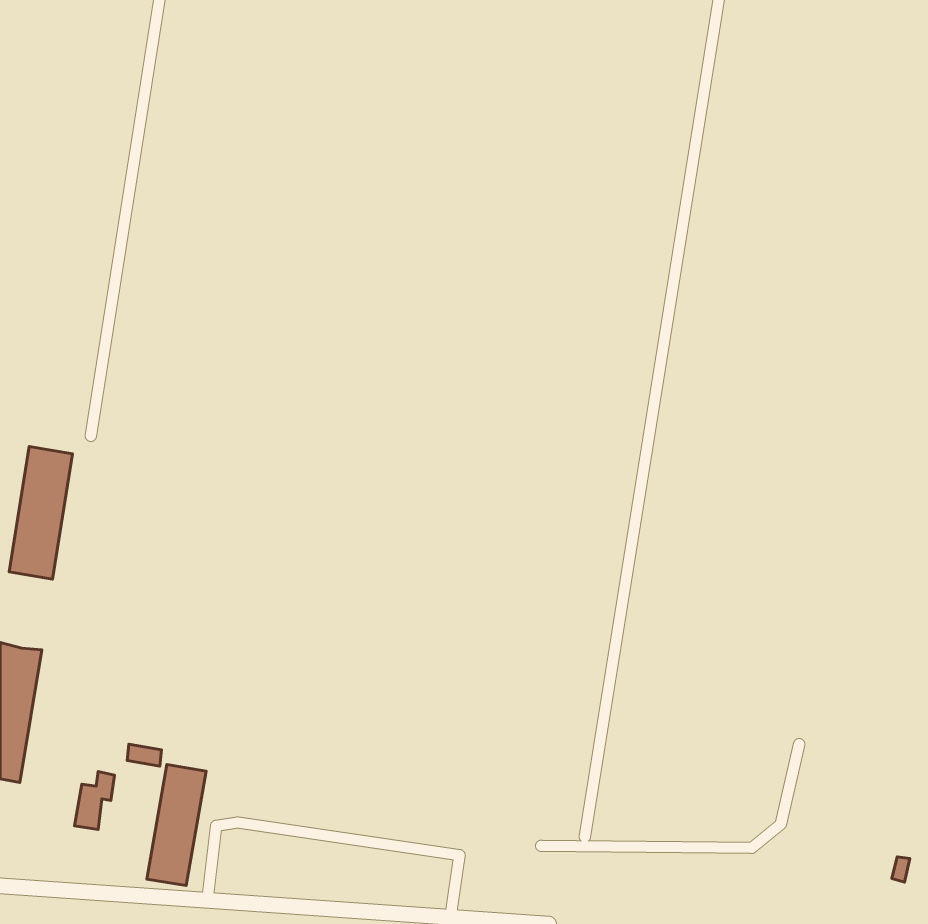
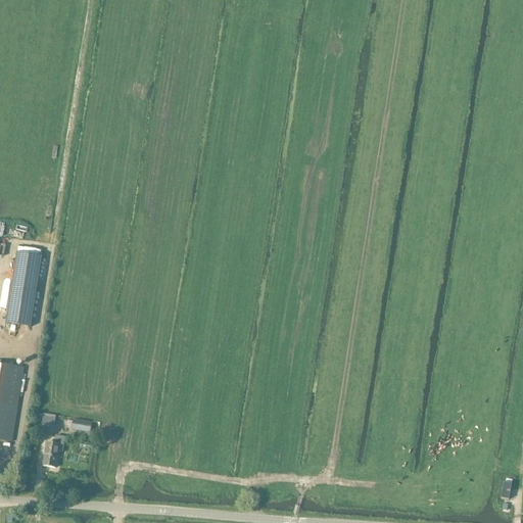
building: [147,765,206,886] -> none

